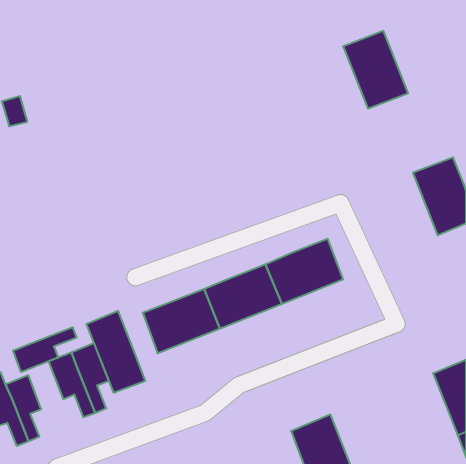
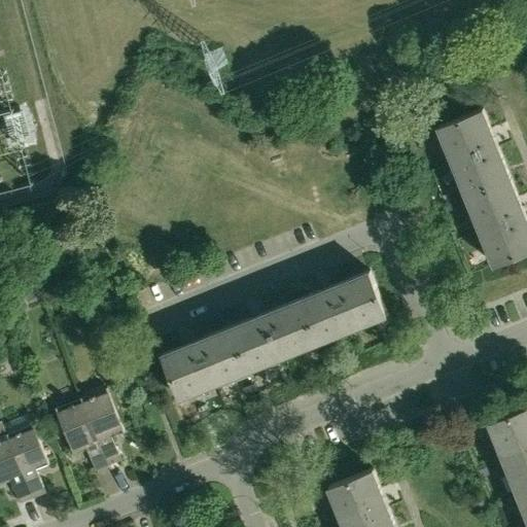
building: [343,31,408,109] -> [436,111,510,199]
building: [87,311,145,393] -> none
building: [13,327,76,372] -> none

